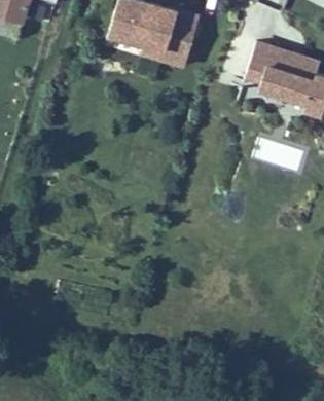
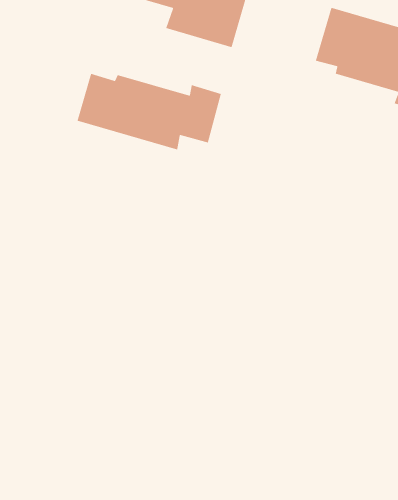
building: none -> [76,73,222,150]

